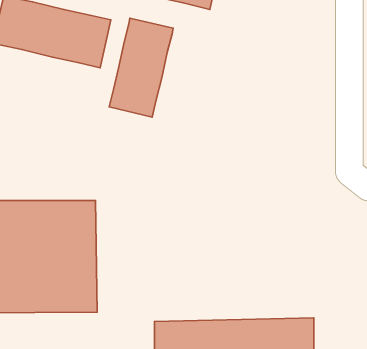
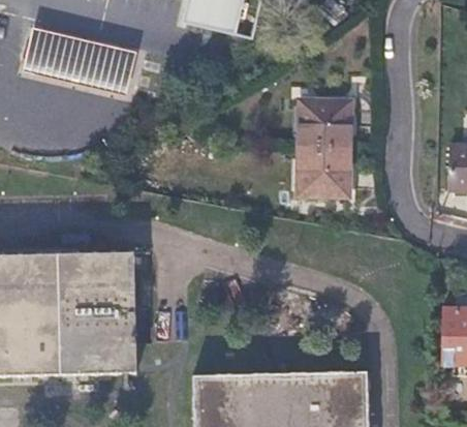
building: [109,18,173,117] -> none
building: none -> [298,98,351,197]

